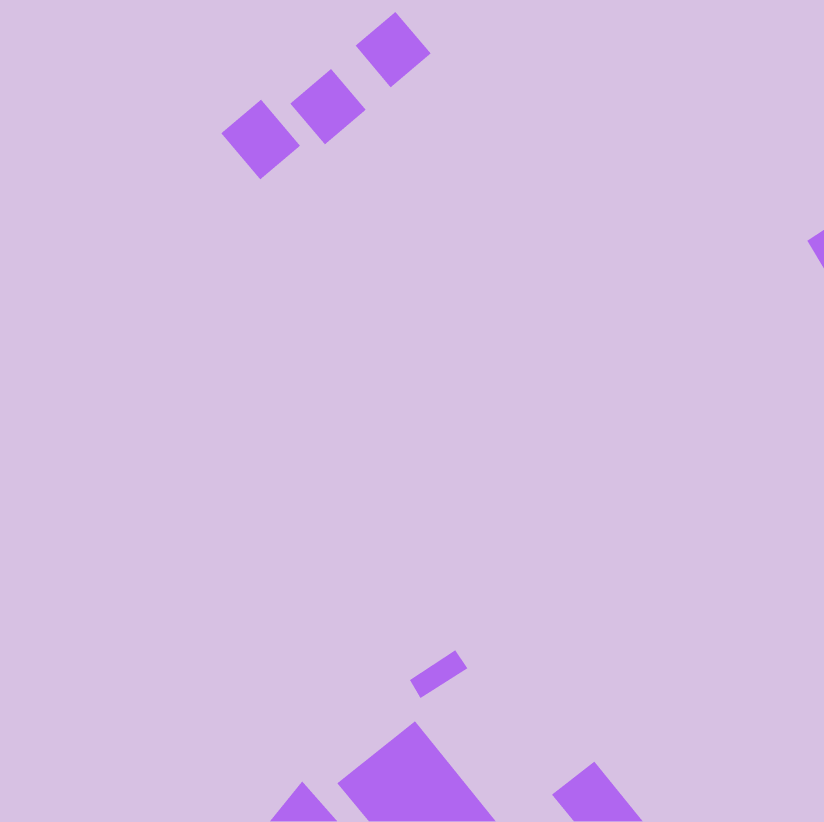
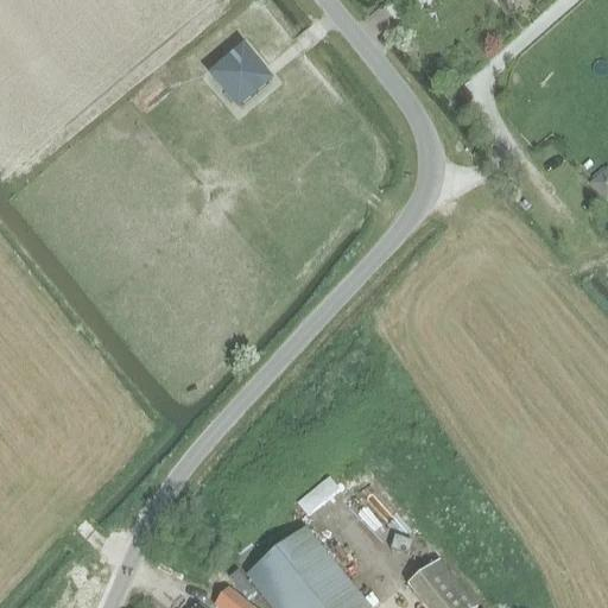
building: [354,11,432,88] -> none
building: [220,99,301,180] -> none

